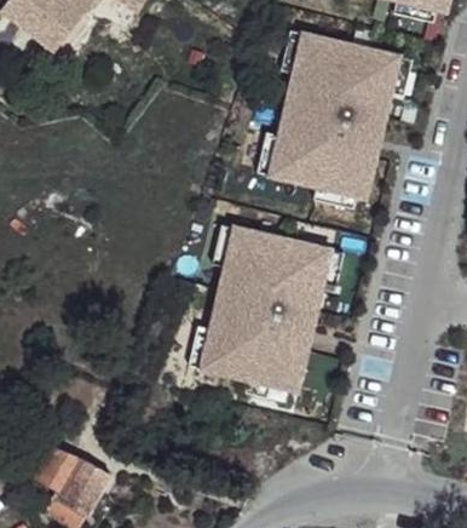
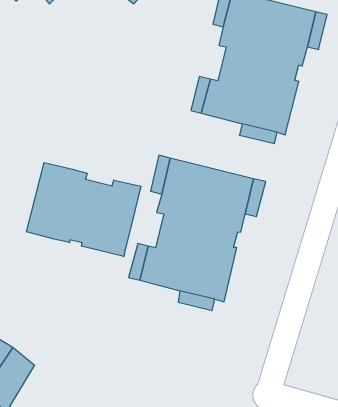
building: none -> [27,163,141,257]

